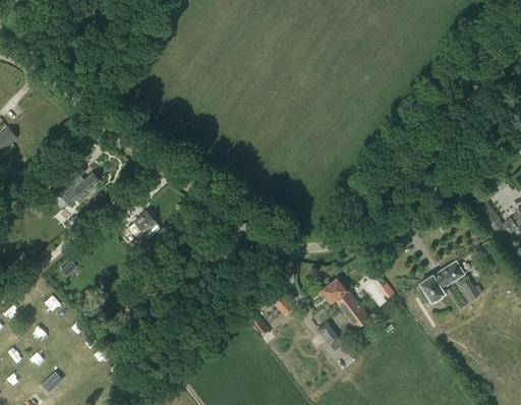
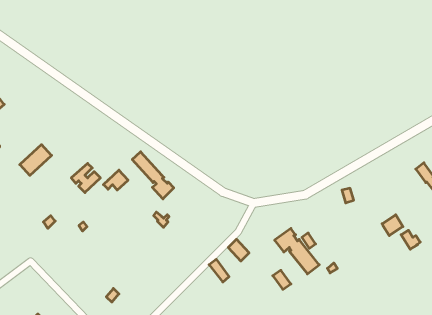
building: [66,164,99,196] -> [71,163,100,193]
building: none -> [132,152,174,199]
building: [418,274,448,302] -> none

